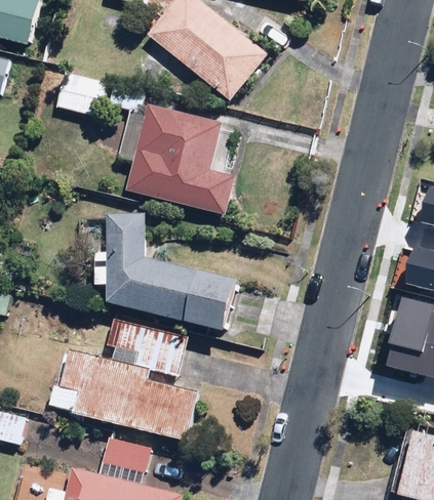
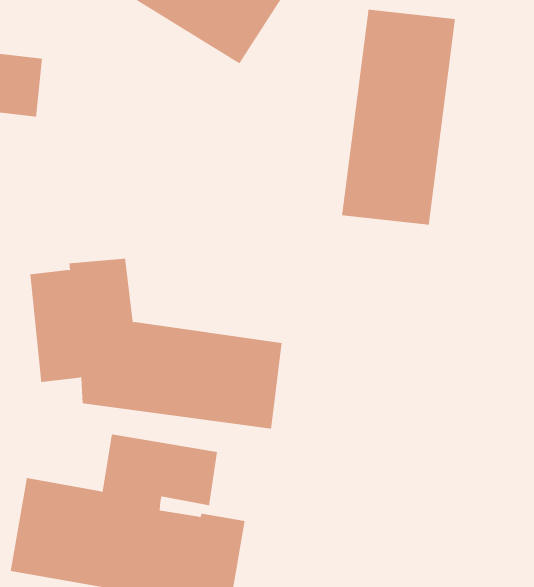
building: none -> [342,9,456,225]
building: [108,83,232,213] -> none

